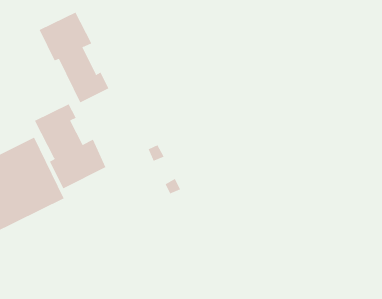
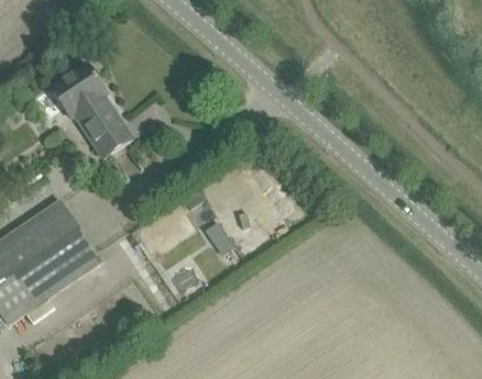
building: [34,104,106,189] -> none

